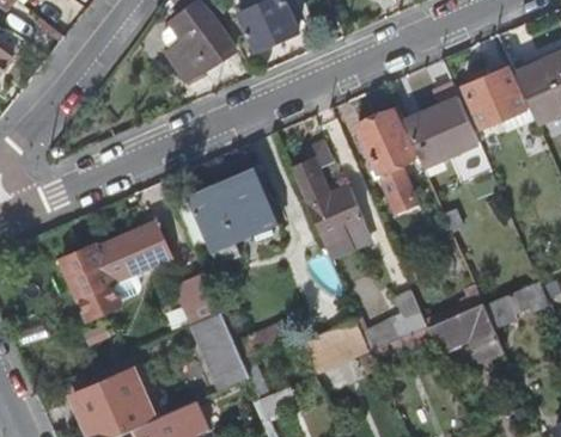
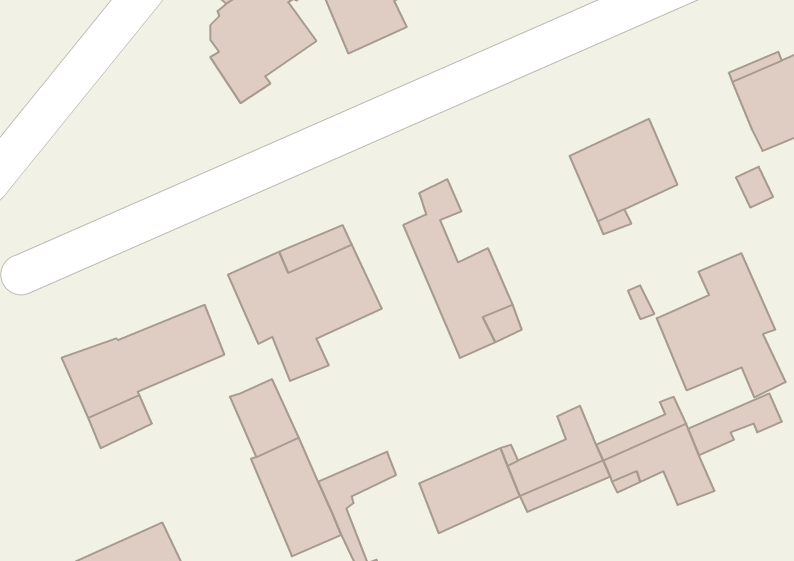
building: [462,66,535,133] -> none
building: [359,109,417,213] -> none
building: none -> [657,253,786,397]

